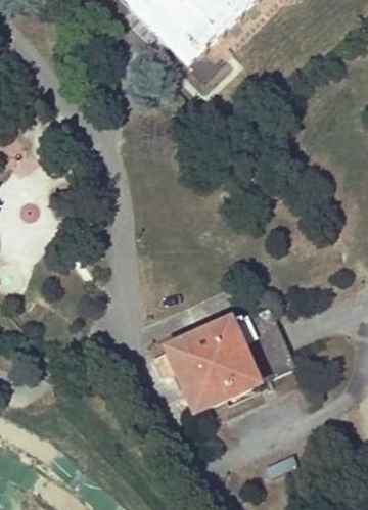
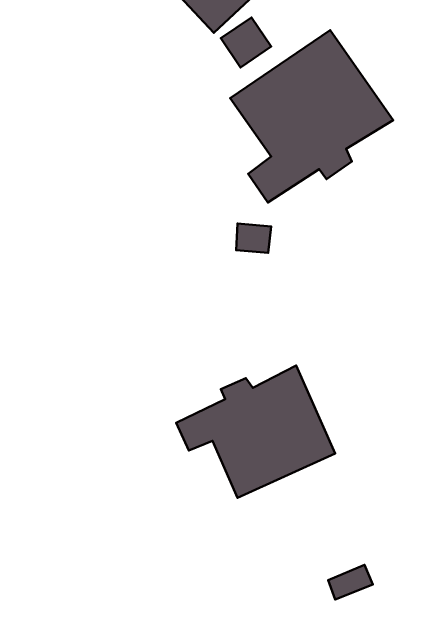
building: none -> [230,30,393,202]

